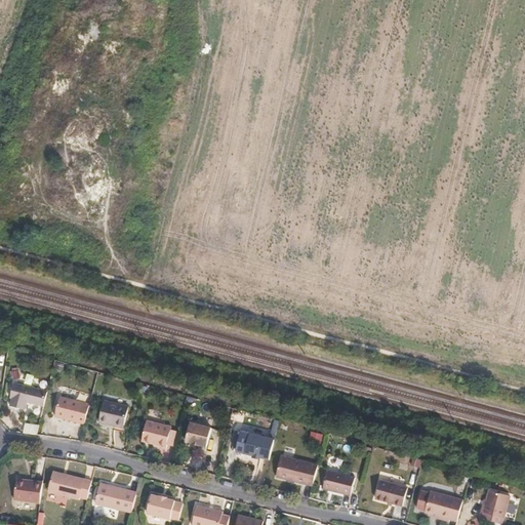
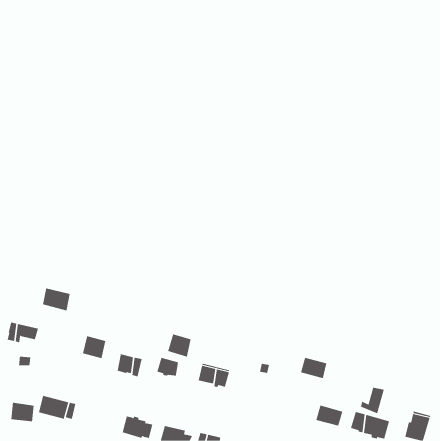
building: [54,394,88,421] -> [42,288,71,311]
building: none -> [168,333,191,357]
building: [275,453,317,485] -> none
building: none -> [360,387,384,414]
building: [322,470,354,495] -> [300,357,327,379]
building: [93,484,134,514] -> none

